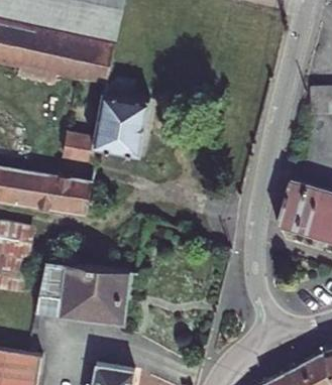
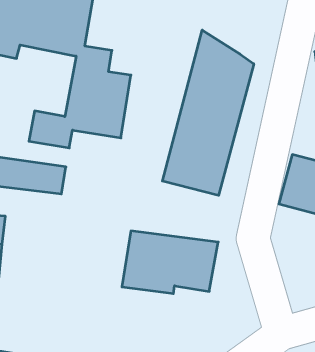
building: none -> [162,30,254,195]
building: [41,256,128,312] -> [122,231,218,294]

